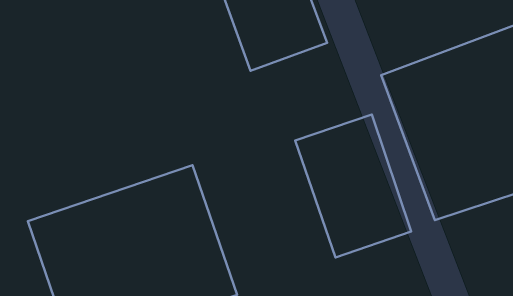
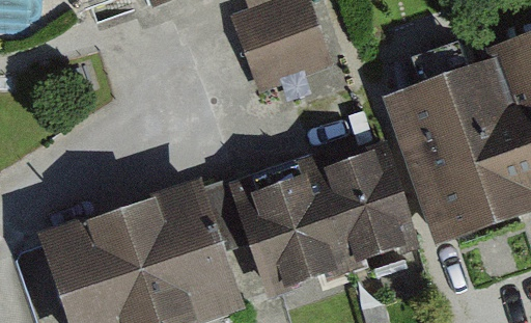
building: none -> [227,156,343,299]

